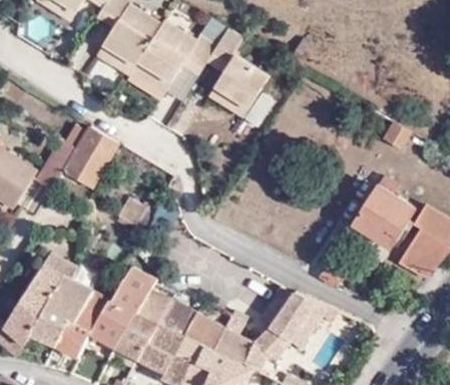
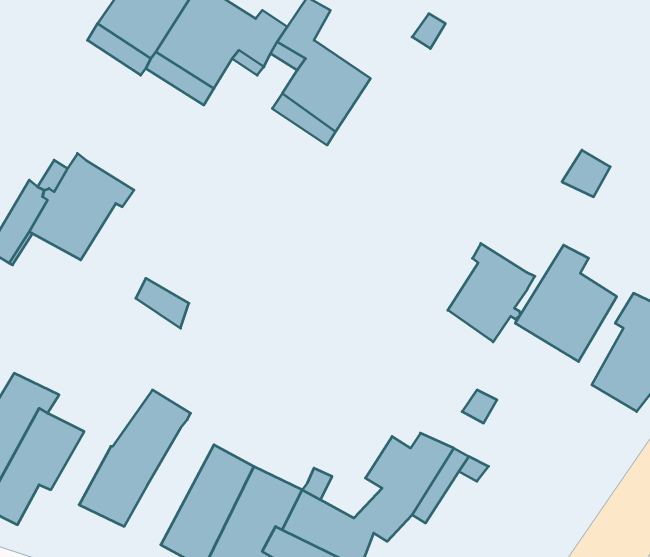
building: none -> [448,243,535,342]
building: [117,288,171,358] -> none
building: [53,290,109,358] -> none

